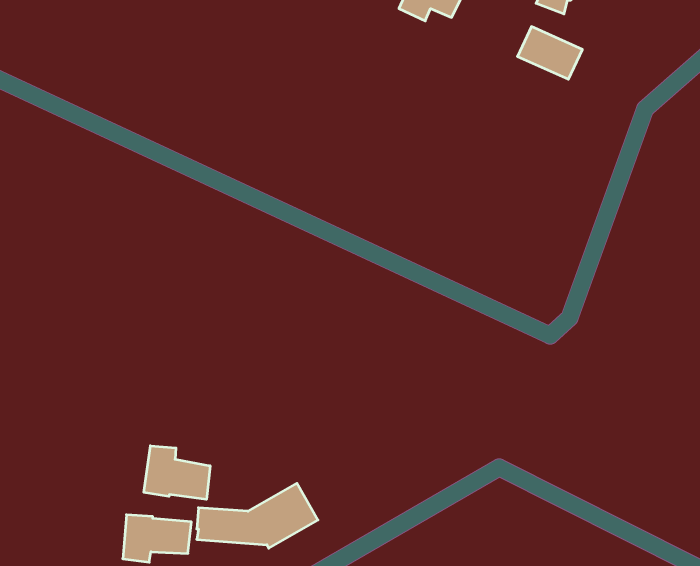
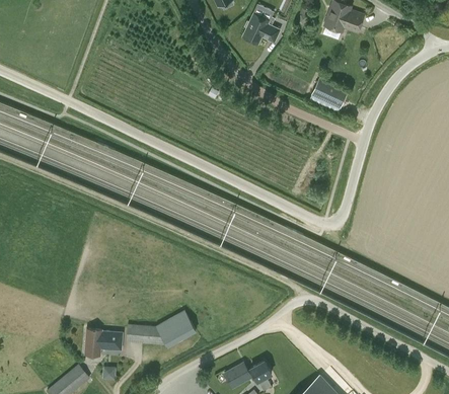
building: [517,27,582,79] -> [311,78,349,108]
building: [144,446,210,499] -> none

